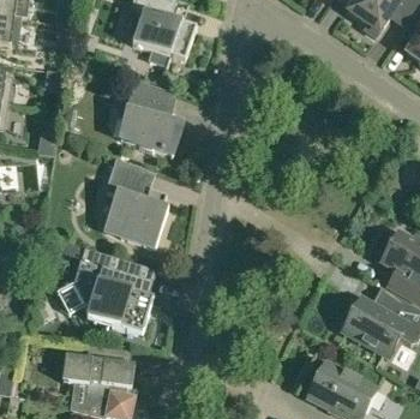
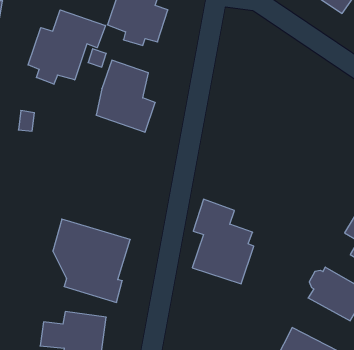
building: none -> [28,10,105,84]
building: [102,157,167,246] -> [192,199,254,284]

